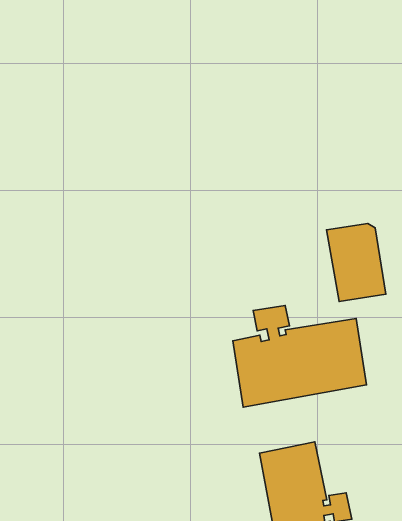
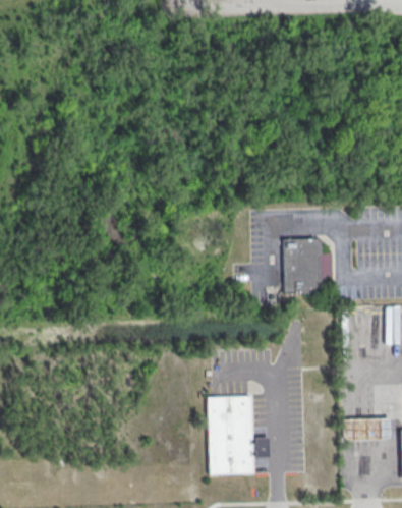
building: [233,305,367,407] -> none

